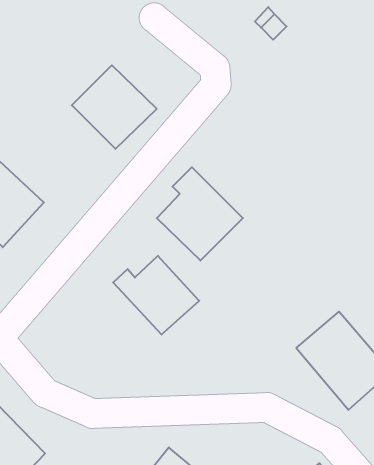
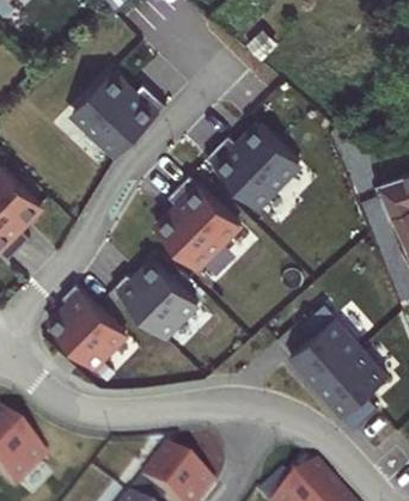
building: none -> [213,112,298,203]
building: none -> [49,286,127,371]

